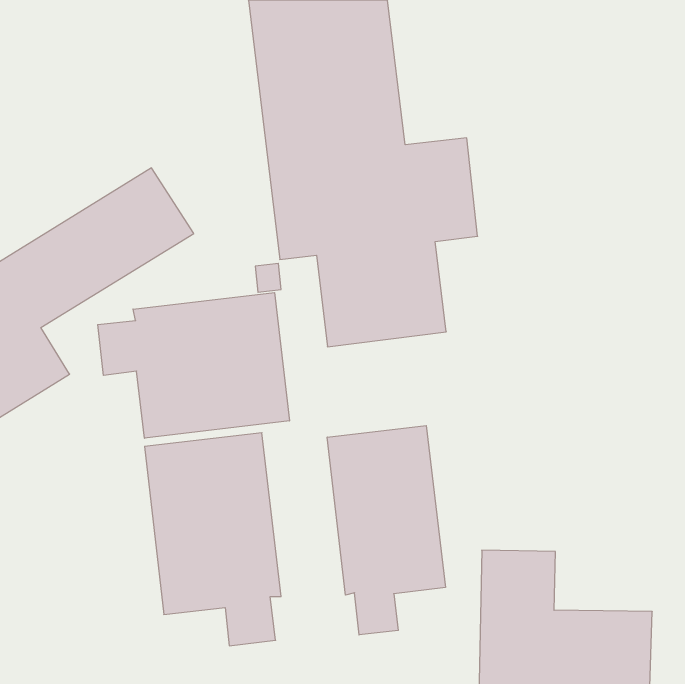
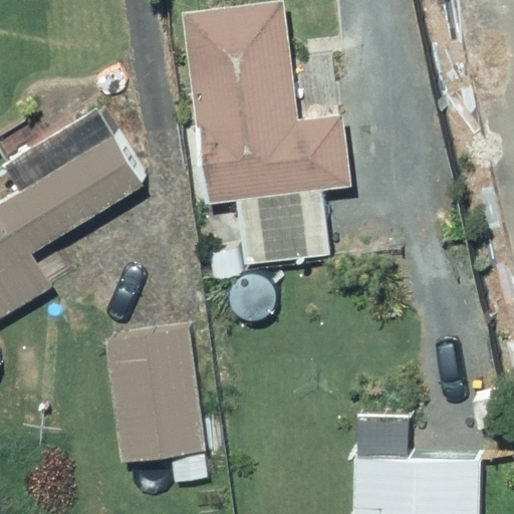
building: [98,293,289,438] -> none
building: [327,426,445,635] -> none

